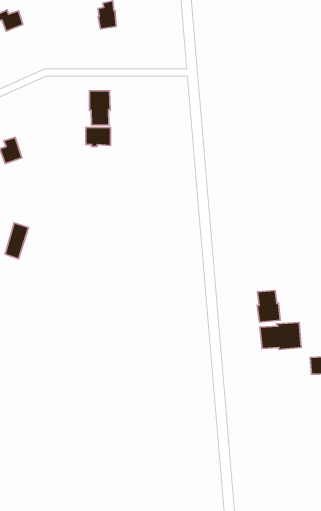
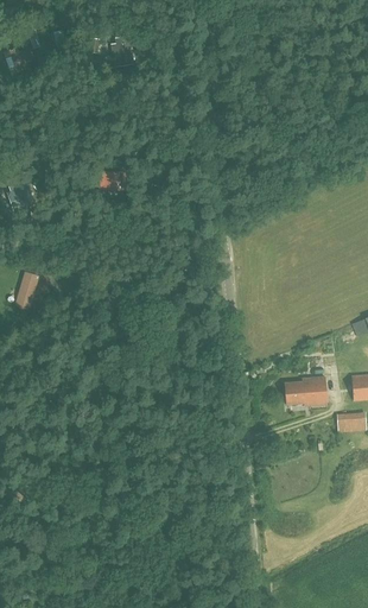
building: [89,91,110,125] -> none
building: [257,290,280,322] -> none

